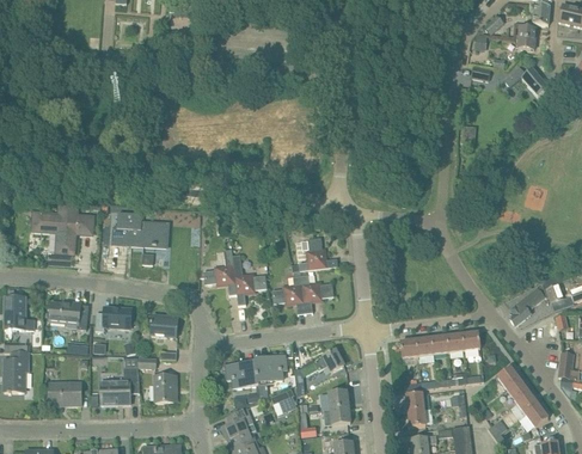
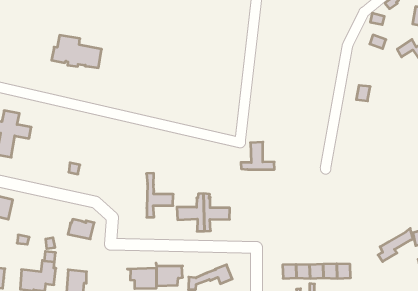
building: [111,213,167,246] -> [52,35,102,68]
building: [298,237,337,270] -> [241,142,274,169]
building: [202,249,235,295] -> none
building: [94,307,130,331] -> none

